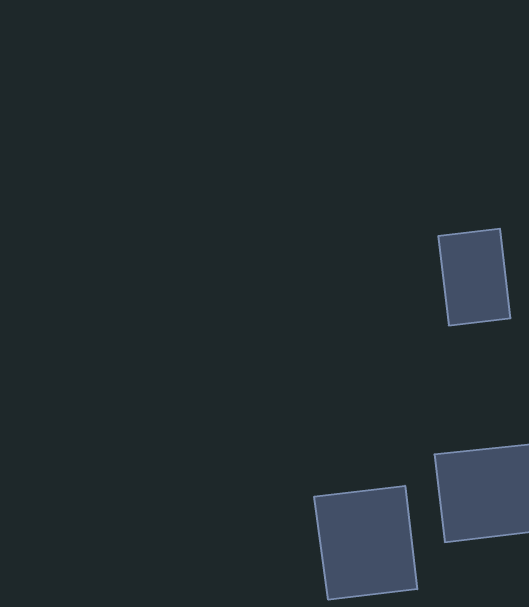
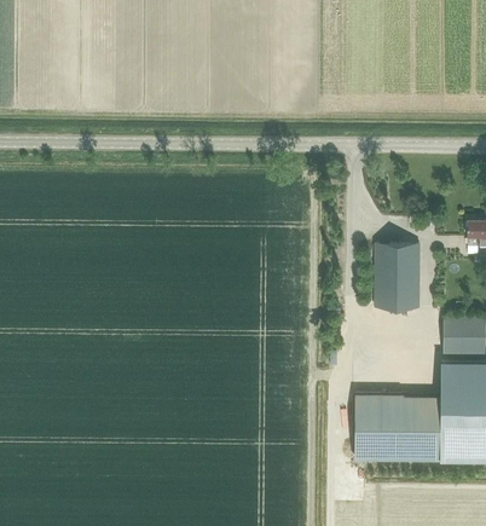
building: [314,486,417,600] -> none

